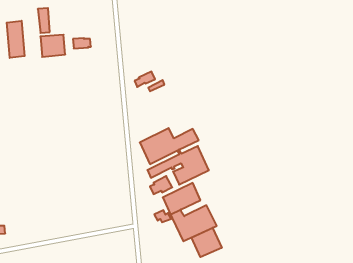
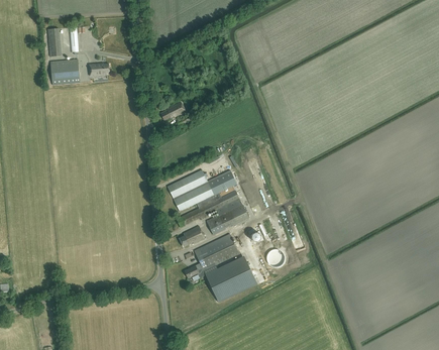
building: [7,21,25,58] -> none
building: [191,228,222,257] -> none

